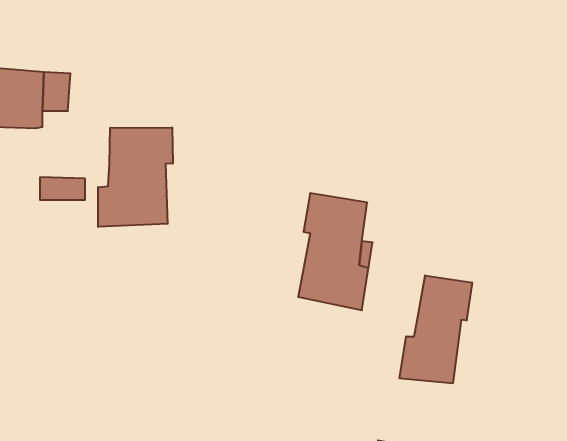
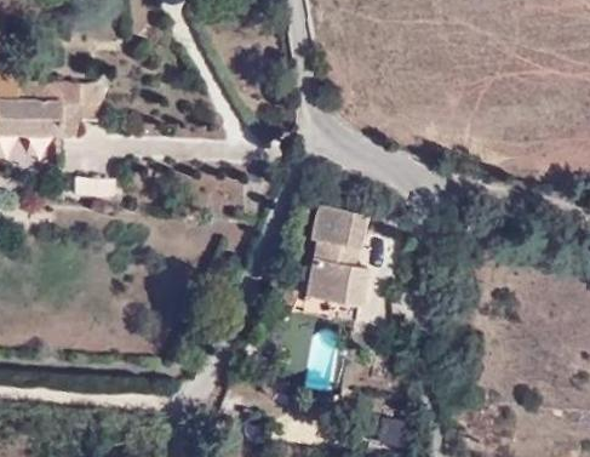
building: [98,127,173,227] -> none
building: [400,275,472,383] -> none

